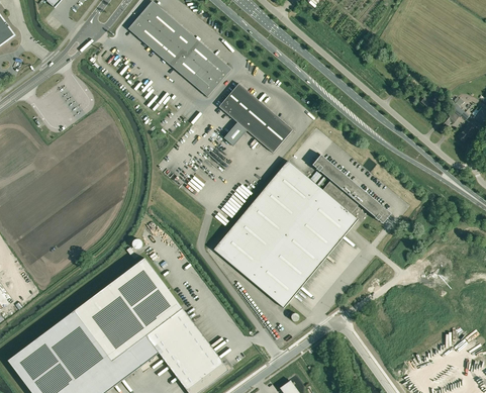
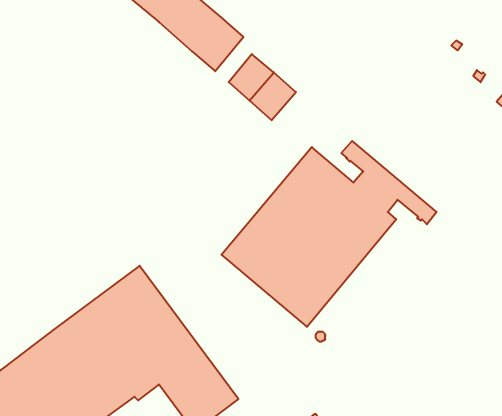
building: [254,114,292,153] -> none

